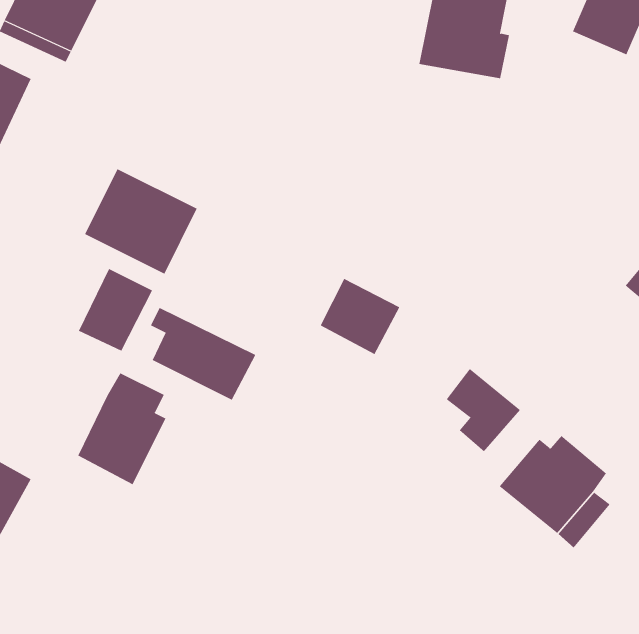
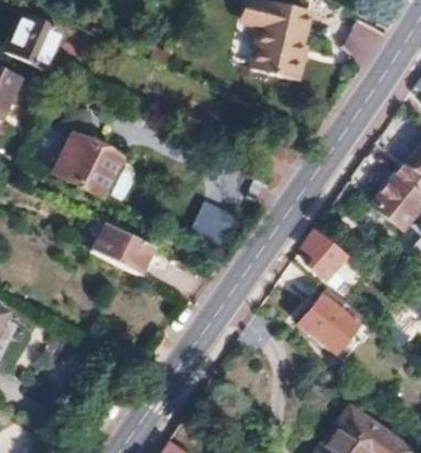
building: [78,268,153,352] -> none
building: [446,368,521,452] -> [302,229,347,279]
building: [77,372,166,485] -> none

